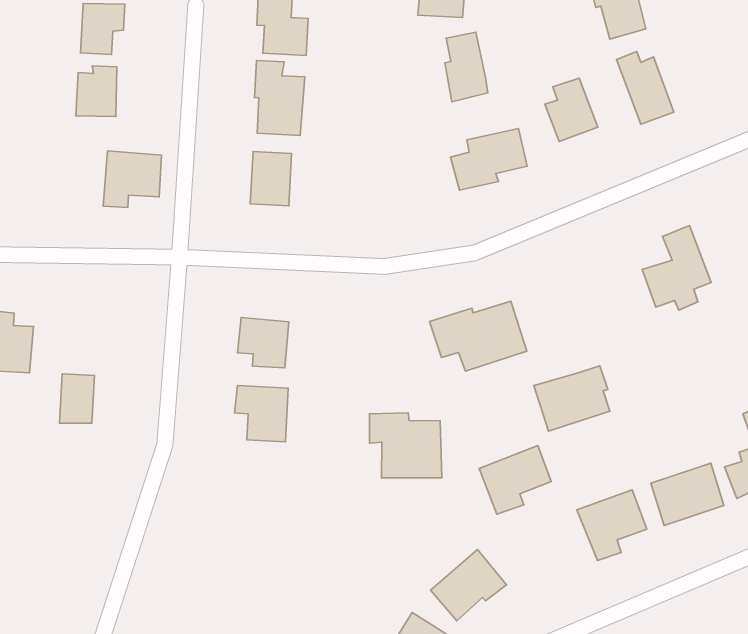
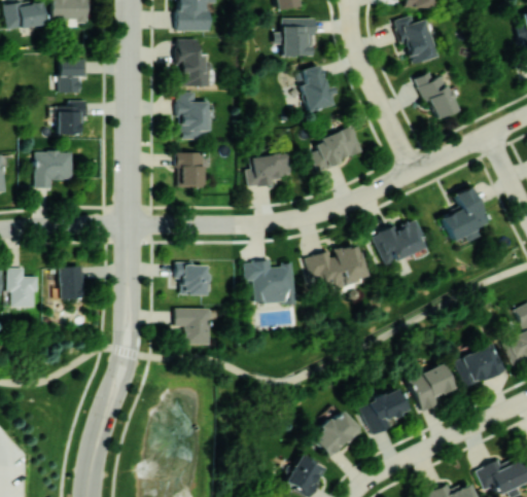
building: [545,78,598,142] -> none
building: [103,151,161,207] -> [37,151,74,188]
building: none -> [248,152,291,187]
building: [534,366,610,431] -> [373,219,424,264]
building: [59,374,94,423] -> [62,267,83,299]
building: [369,413,442,478] -> [245,260,295,305]
building: [479,445,551,514] -> [360,388,409,435]

